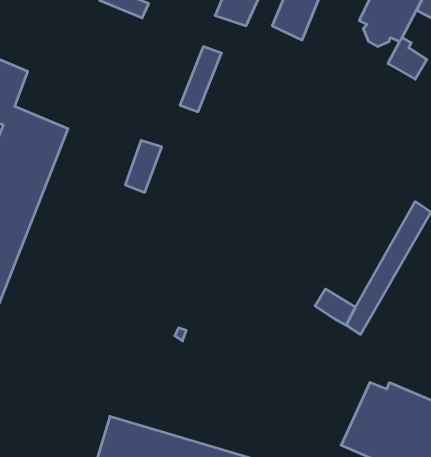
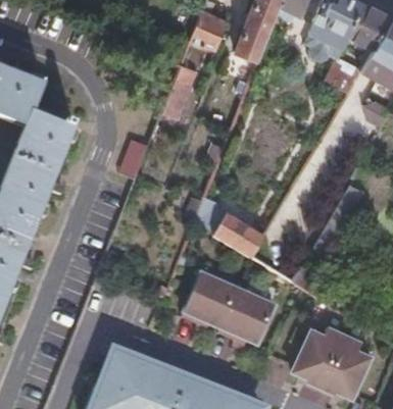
building: none -> [196,201,263,258]
building: none -> [182,274,281,351]

